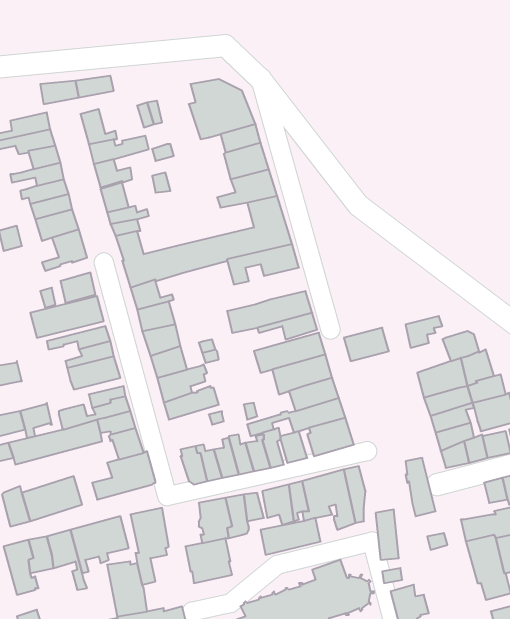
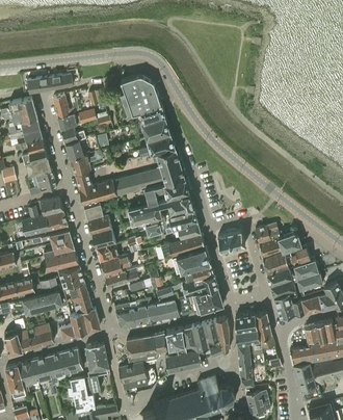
building: none -> [127,193,192,225]
building: none -> [258,230,283,259]
building: none -> [235,314,259,343]

